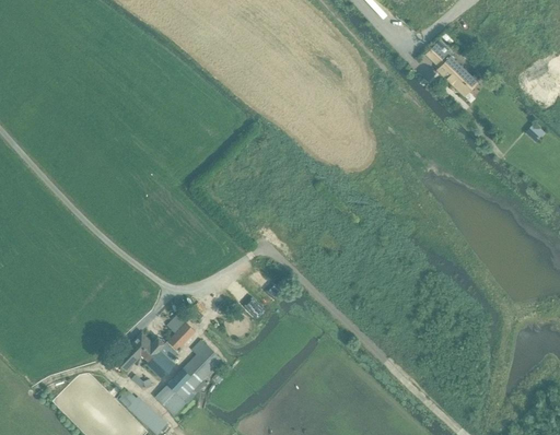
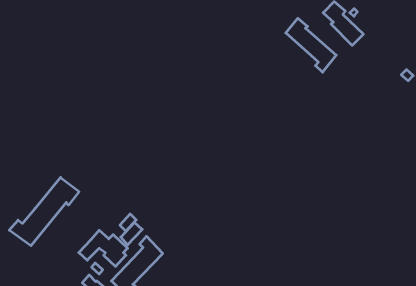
building: none -> [286,18,336,72]
building: none -> [9,177,79,246]

